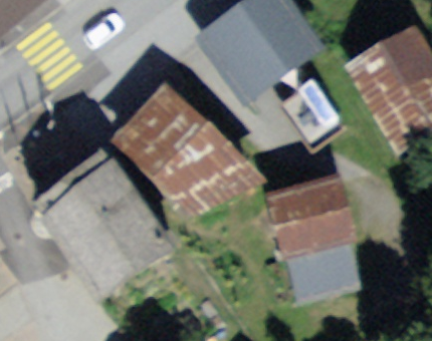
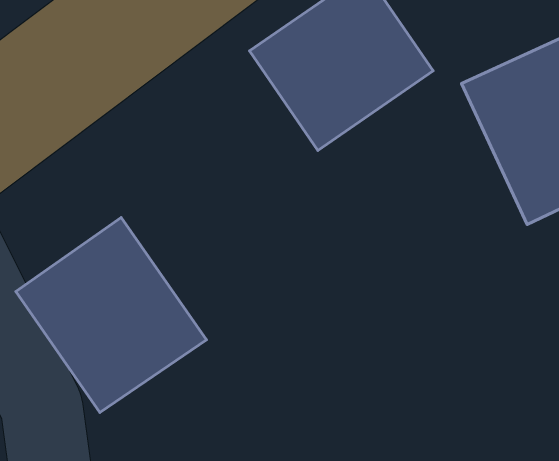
building: [112,84,228,203] -> none
building: [266,172,368,299] -> none

